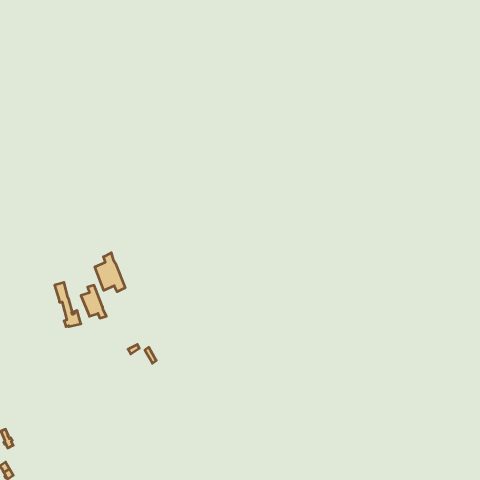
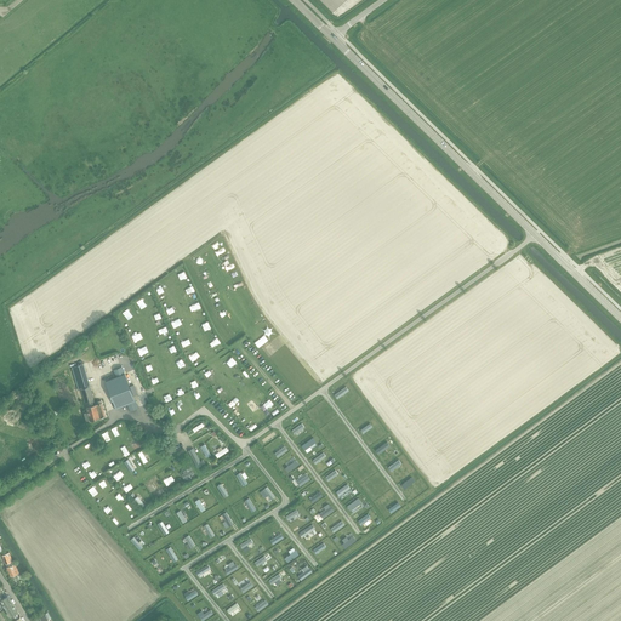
building: [95,253,125,292] -> none

